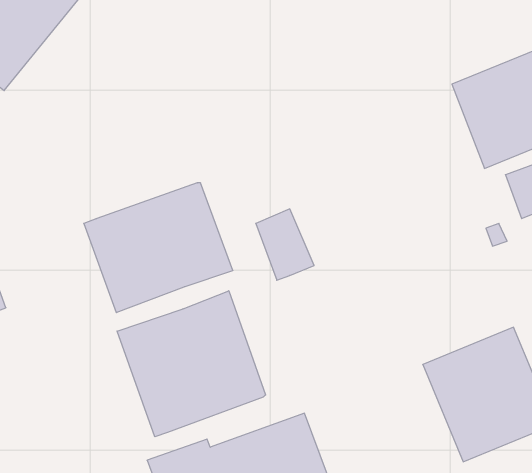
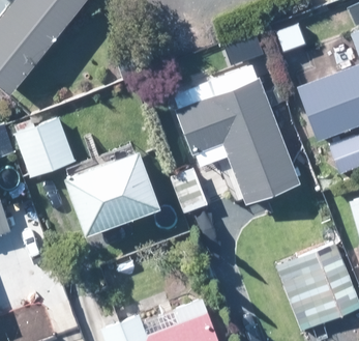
building: none -> [174,78,297,203]
building: none -> [13,117,74,176]
building: [117,291,266,437] -> none

